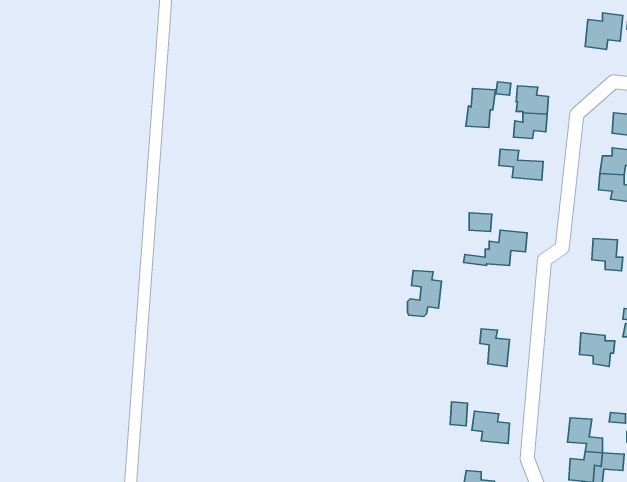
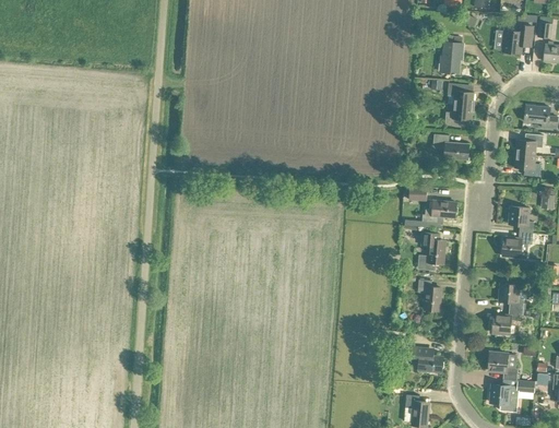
building: [466,88,496,128] -> [440,41,464,73]
building: none -> [502,231,533,258]
building: [408,271,441,316] -> [419,233,447,270]
building: none -> [492,308,523,334]

